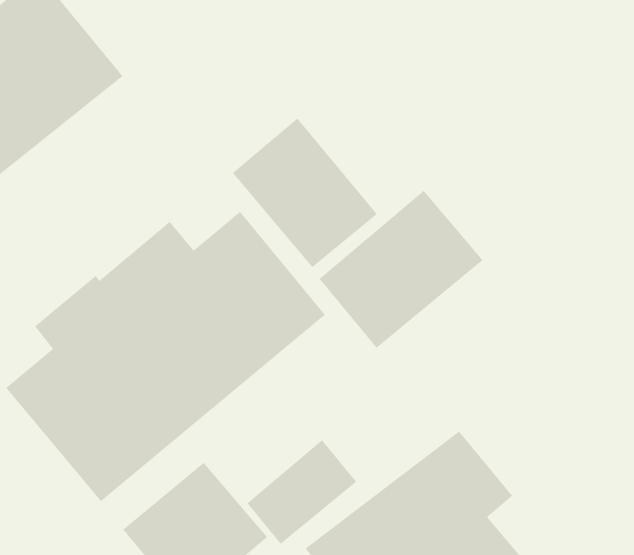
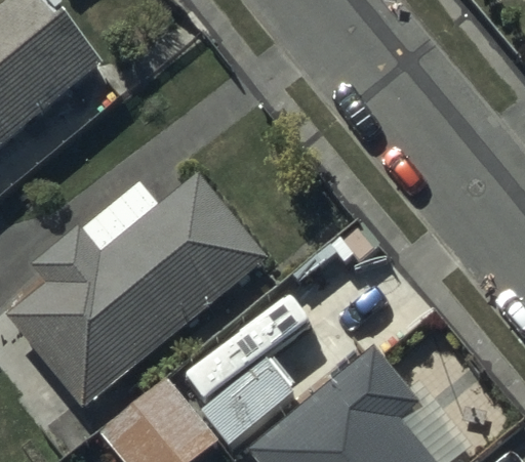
building: [232,117,378,268] -> none
building: [318,190,483,349] -> none

